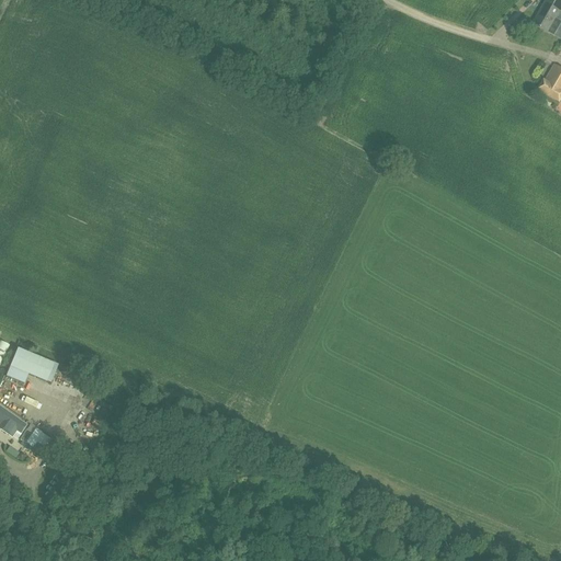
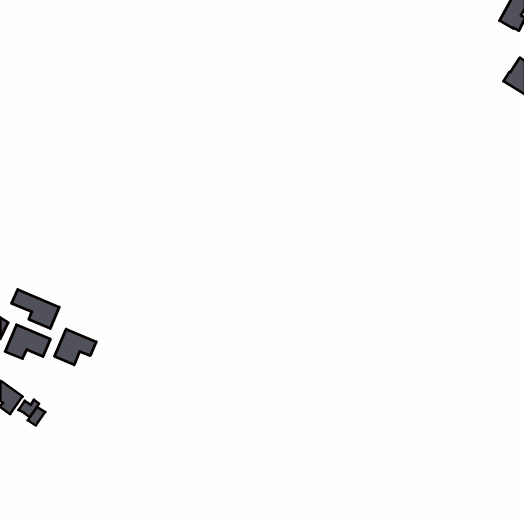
building: none -> [12,289,59,329]
building: none -> [55,329,96,365]

